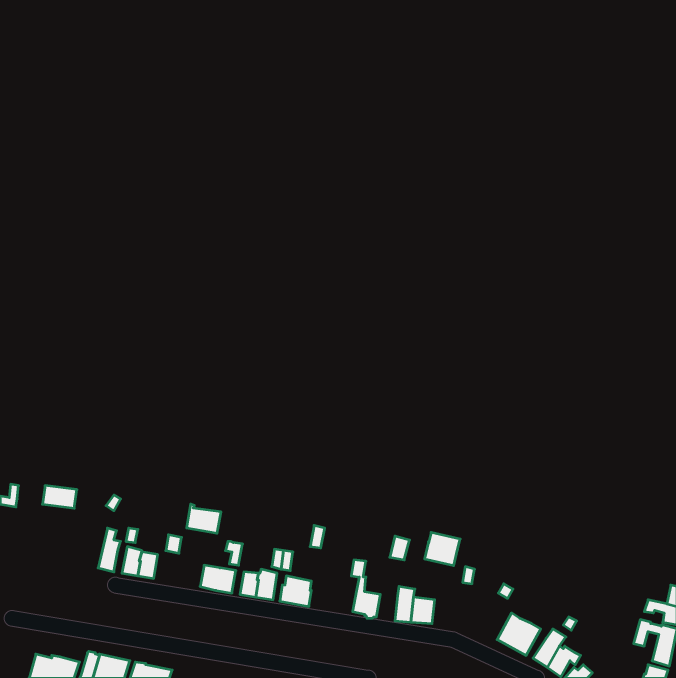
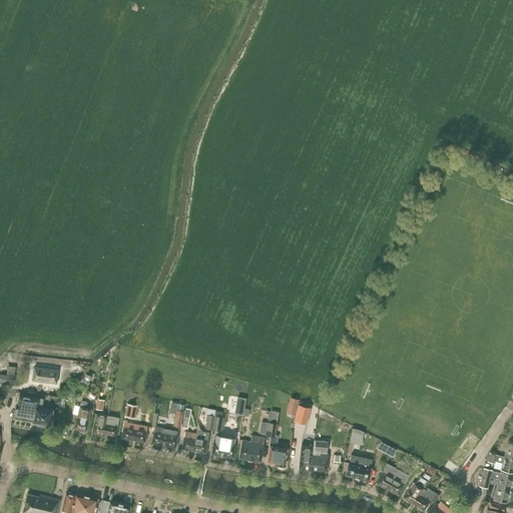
building: [187,504,221,533] -> [122,420,148,442]
building: none -> [15,394,53,427]
building: [425,532,460,566] -> [347,455,374,480]
building: none -> [240,435,266,461]

